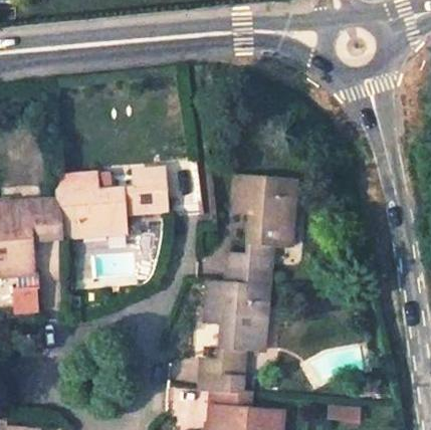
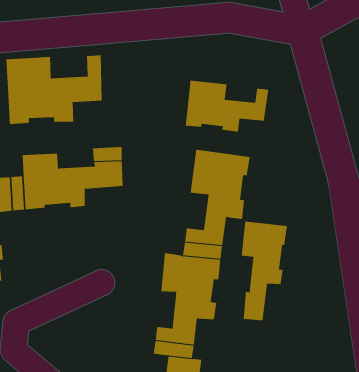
building: none -> [6,55,102,125]
building: none -> [185,80,269,132]
building: none -> [241,221,287,321]

